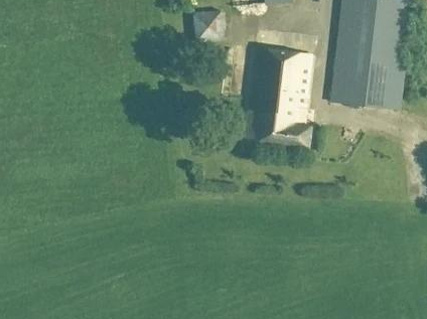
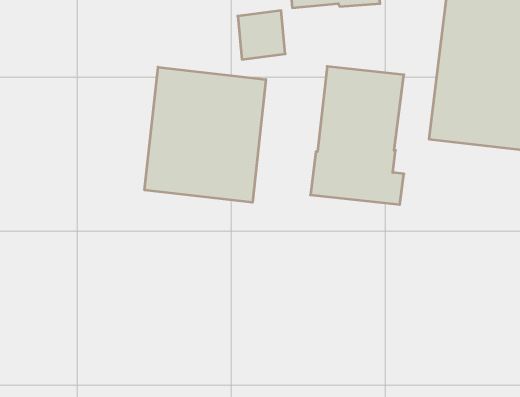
building: none -> [145,67,266,202]

